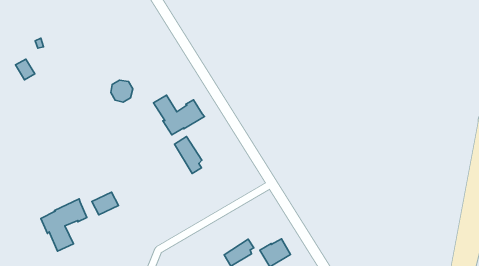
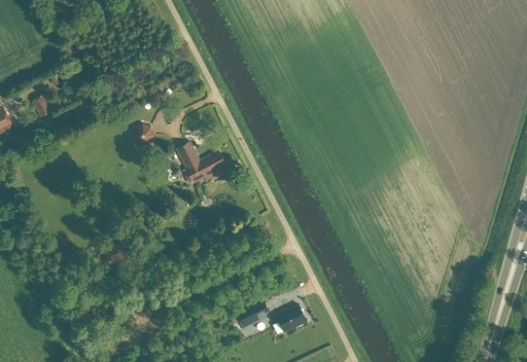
building: [174,136,202,173] -> none
building: [41,199,87,251] -> none

